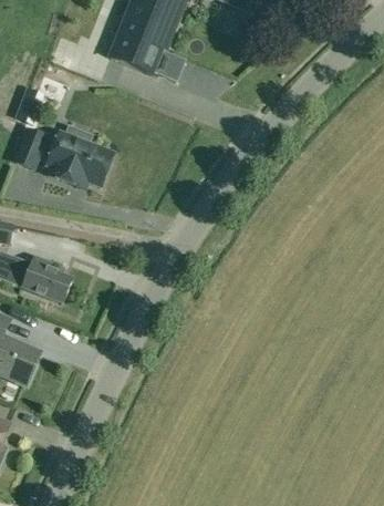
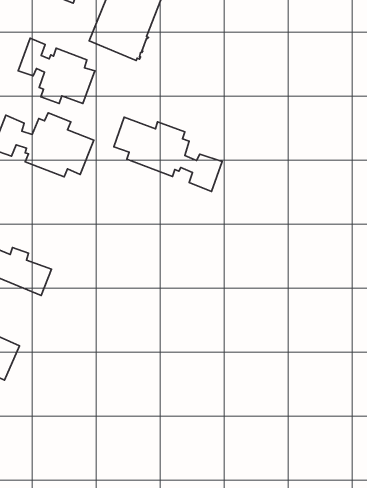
building: none -> [18,38,95,103]
building: none -> [114,117,222,191]

